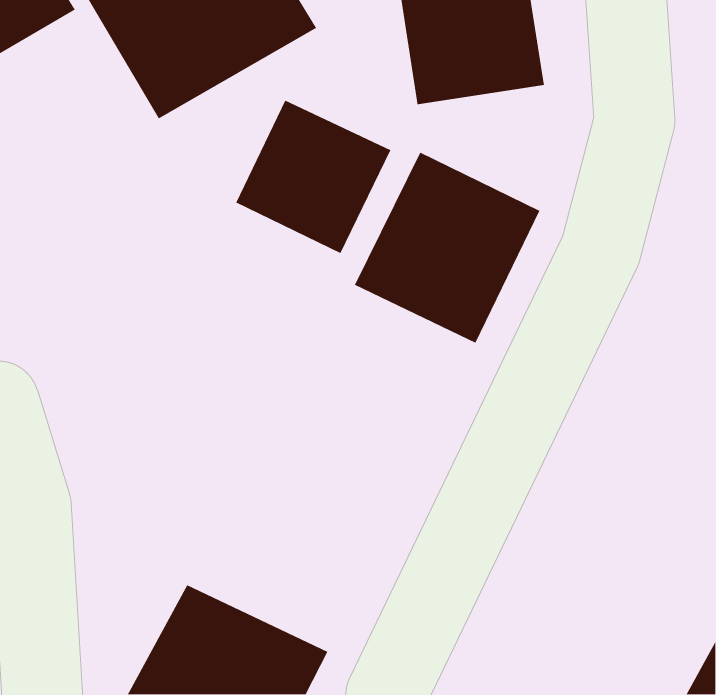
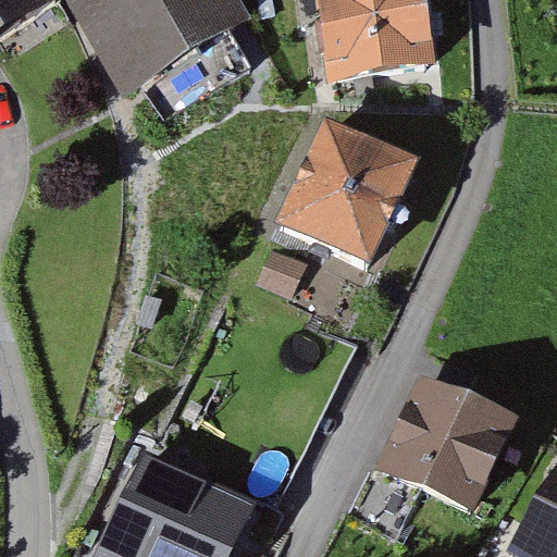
building: [235,99,391,254] -> none
building: none -> [375,374,517,513]

